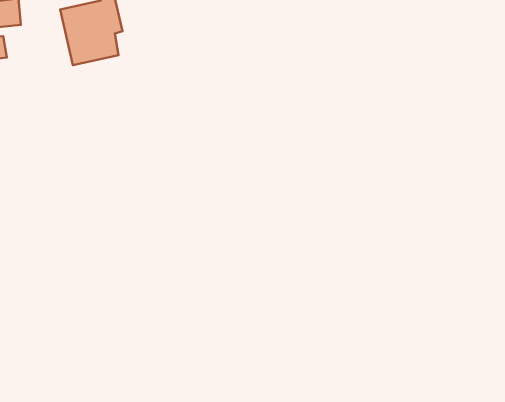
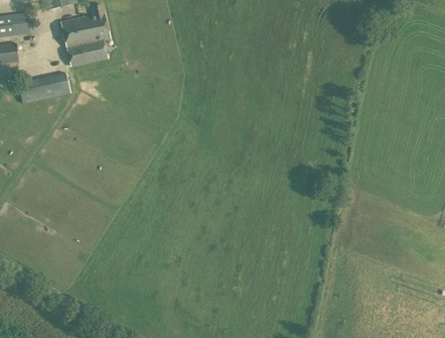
building: none -> [17,71,69,101]

